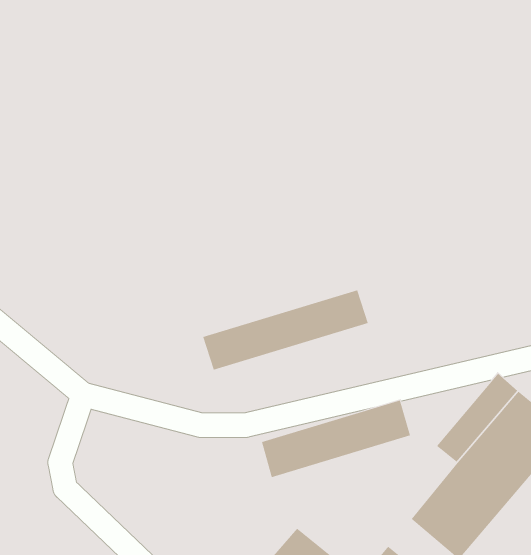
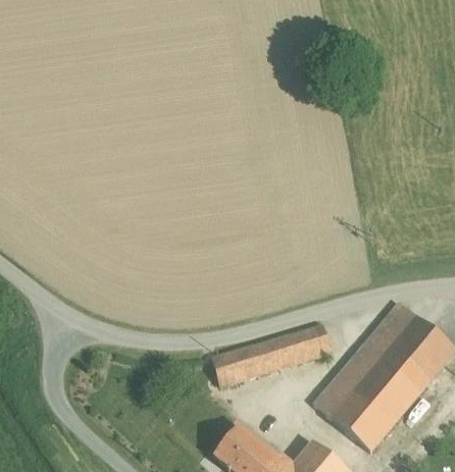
building: [202,289,368,371] -> none
building: none -> [314,361,368,419]

